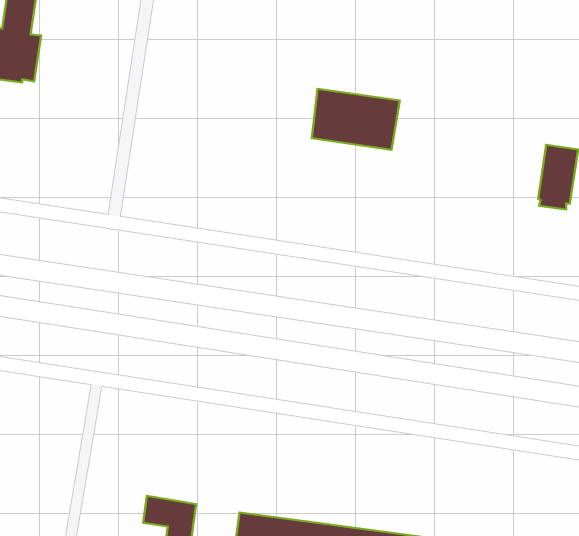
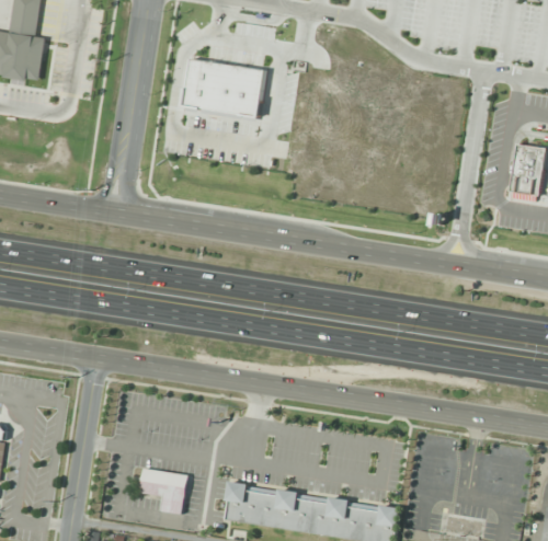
building: [312,89,400,150] -> [176,57,259,114]

